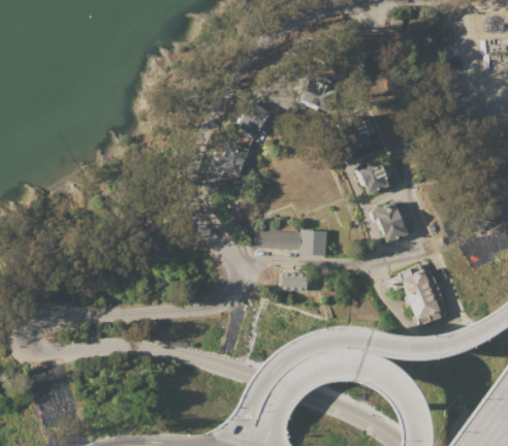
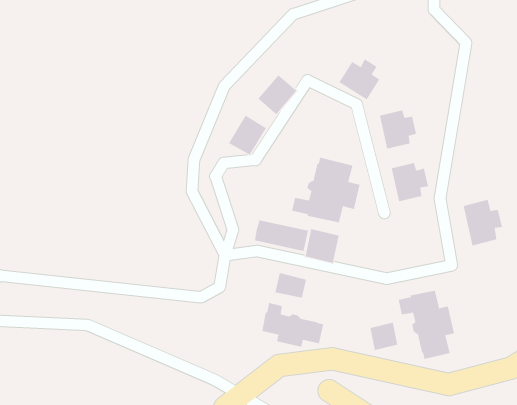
building: none -> [292,157,360,223]
building: [372,200,409,243] -> [463,199,503,246]
building: none -> [370,322,398,351]
building: none -> [262,302,324,347]

